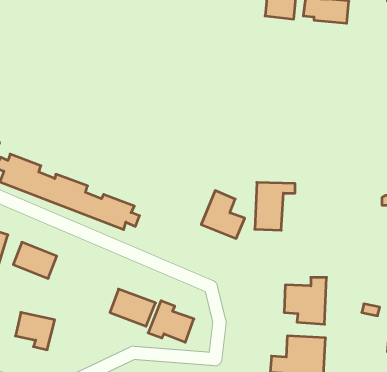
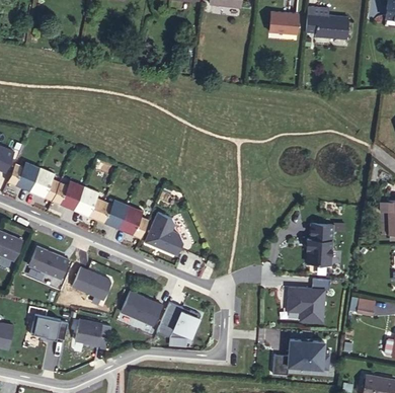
building: [255,182,295,230] -> [307,222,345,267]
building: [201,191,245,238] -> [144,212,185,257]
building: none -> [72,266,112,301]
building: none -> [75,318,103,346]

